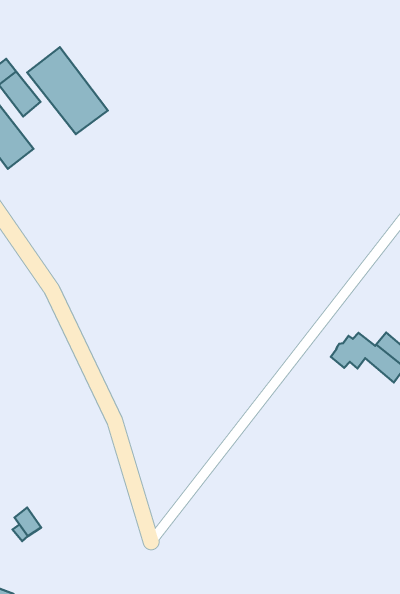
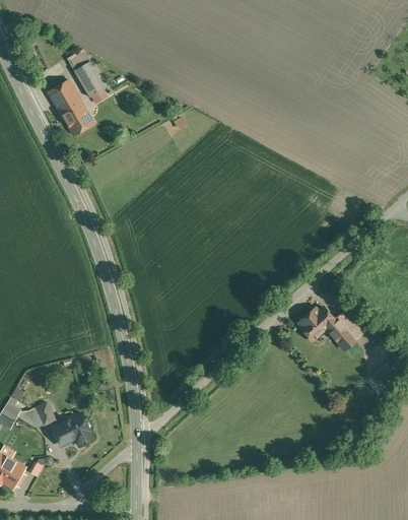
building: [27,47,108,134] -> none
building: none -> [52,411,92,444]

